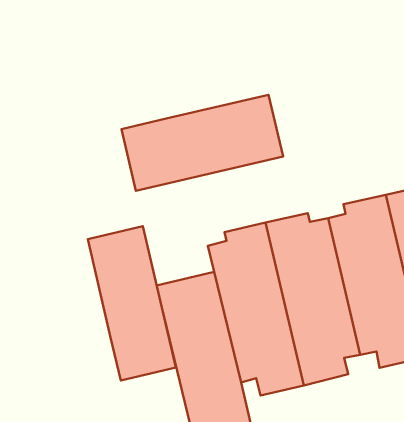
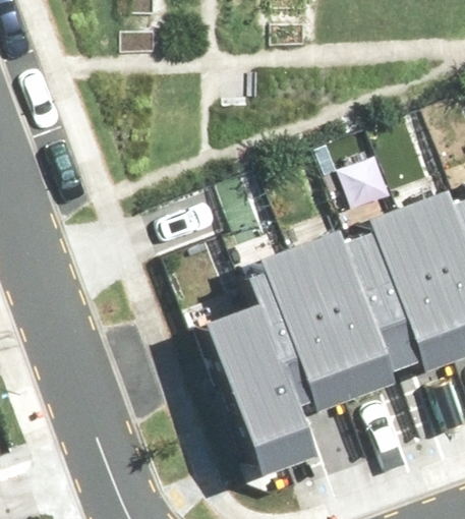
building: [121,95,283,191] -> none
building: [88,226,176,381] -> none

